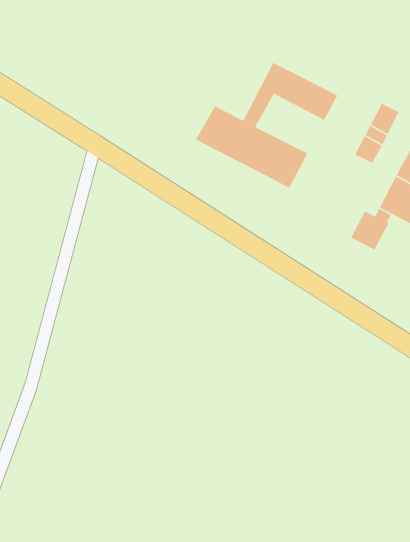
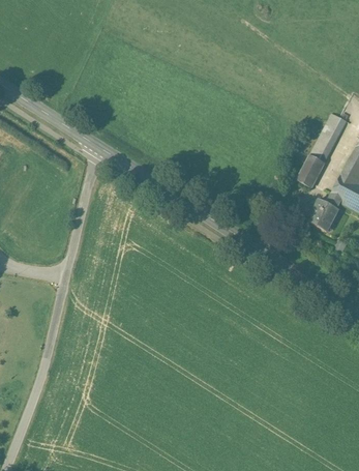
building: [195,62,338,189] -> none
building: none -> [296,154,324,187]

